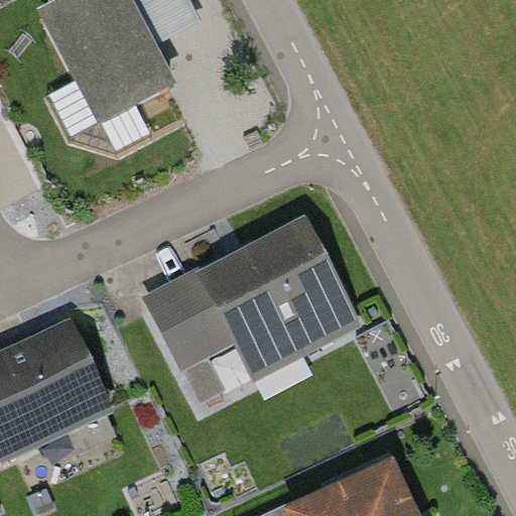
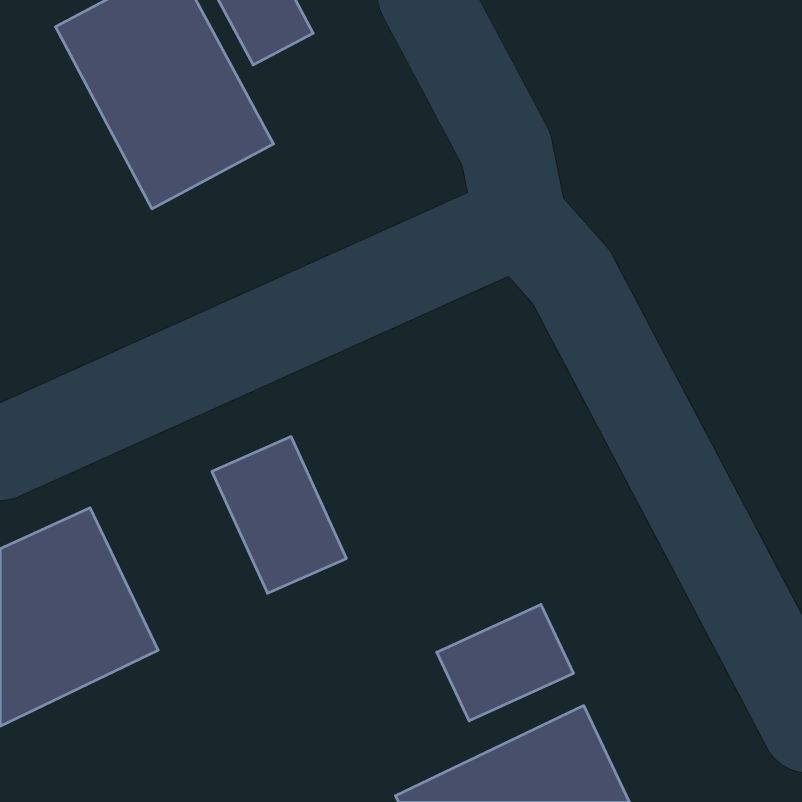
building: [200,217,366,378] -> none
building: none -> [437,604,573,721]

